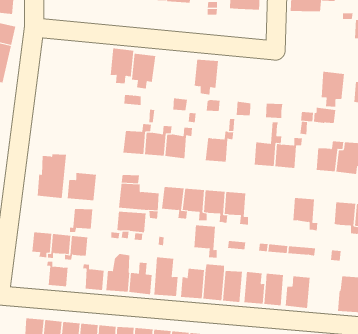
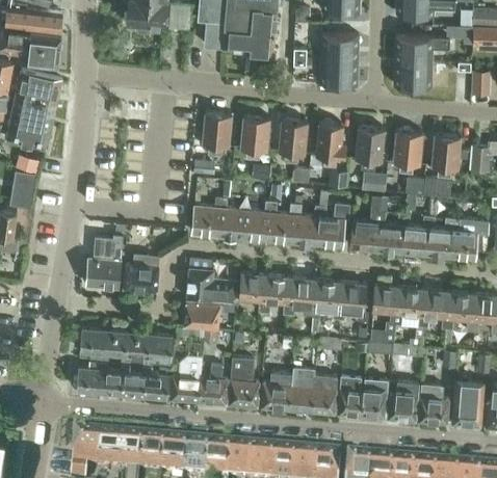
building: none -> [319,57,358,83]
building: none -> [394,60,431,86]
building: [110,48,134,84] -> [240,114,269,158]
building: none -> [315,120,346,166]
building: none -> [356,126,385,168]
building: none -> [393,127,422,172]
building: none -> [317,202,350,245]
building: none -> [267,203,302,241]
building: none -> [400,215,435,253]
building: none -> [372,284,403,324]
building: none -> [422,288,453,328]
building: [69,208,93,232] -> [143,334,173,363]
building: [194,225,218,258] -> [339,281,368,321]
building: none -> [78,362,103,392]
building: none -> [120,364,147,396]
building: none -> [418,382,449,422]

